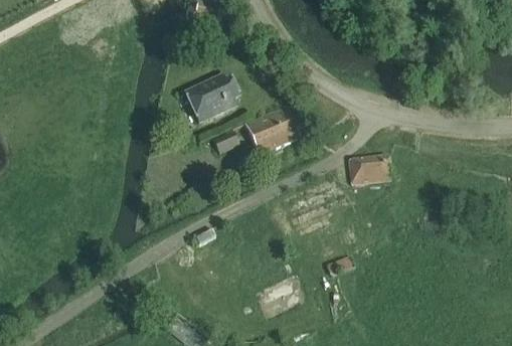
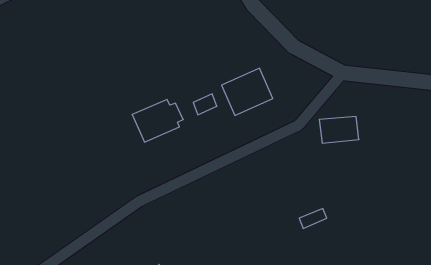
building: [185,76,239,122] -> [132,99,183,142]

